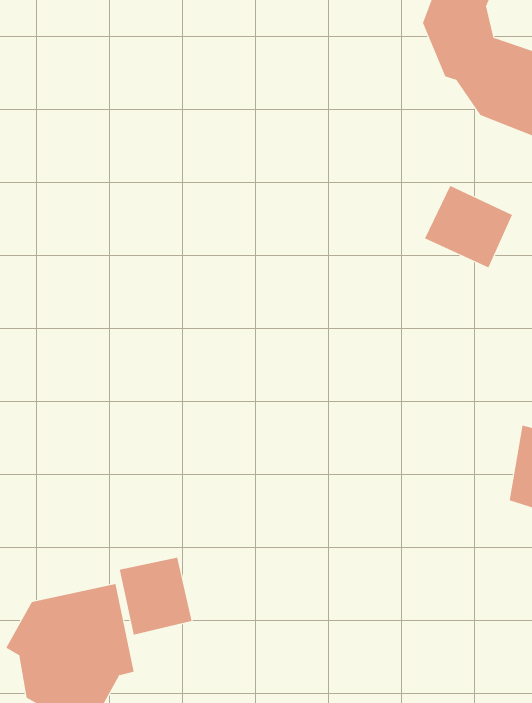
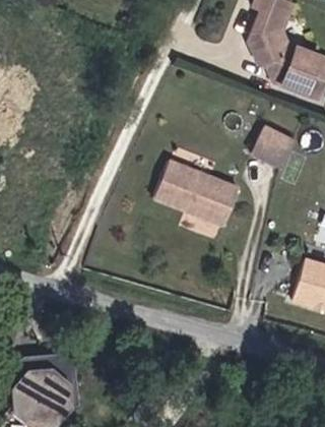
building: none -> [151,160,238,227]
building: [119,557,192,635] -> none

